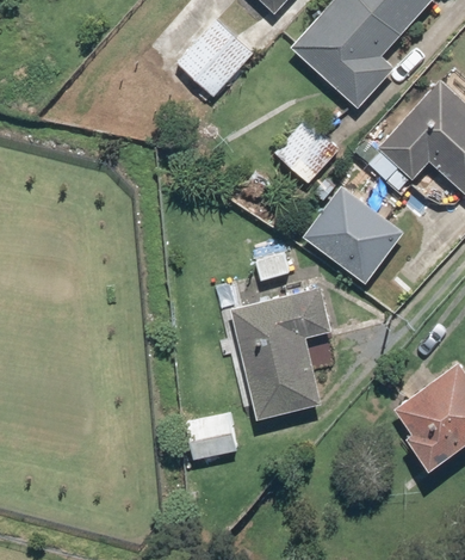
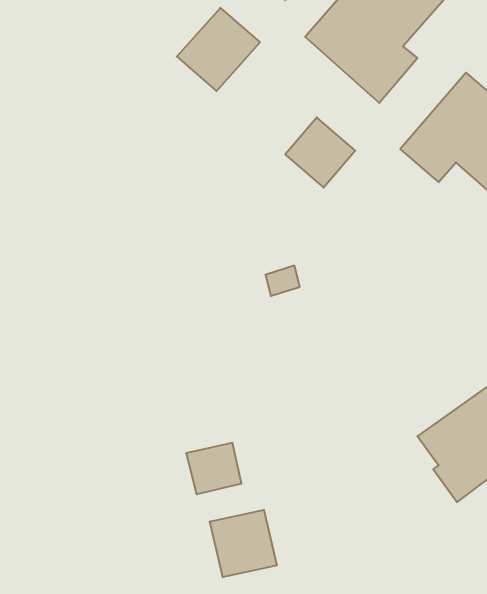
building: [302,185,403,283] -> none
building: [232,289,333,418] -> none
building: none -> [210,510,277,577]

